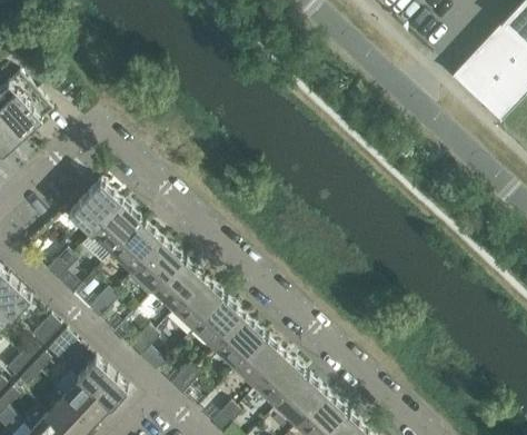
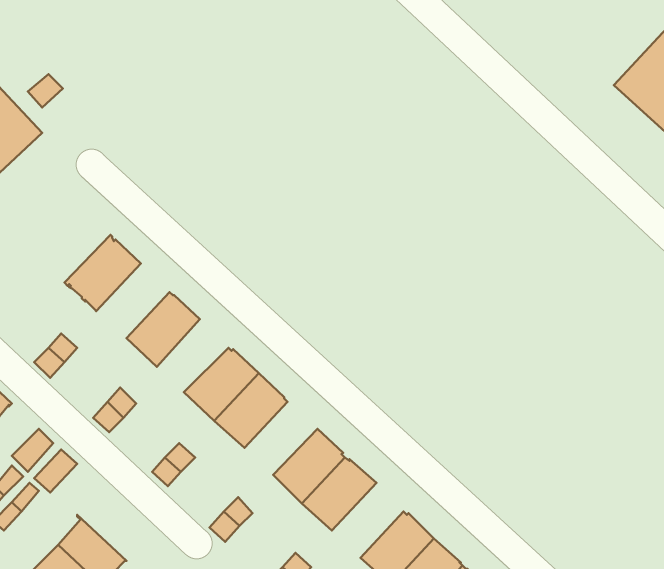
building: [90,201,141,254] -> none
building: [127,240,182,297] -> none
building: [193,298,245,349] -> none
building: [255,355,305,407] -> none
building: [77,359,128,409] -> none

